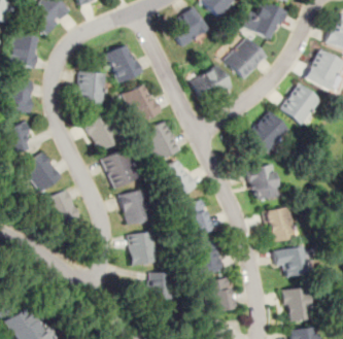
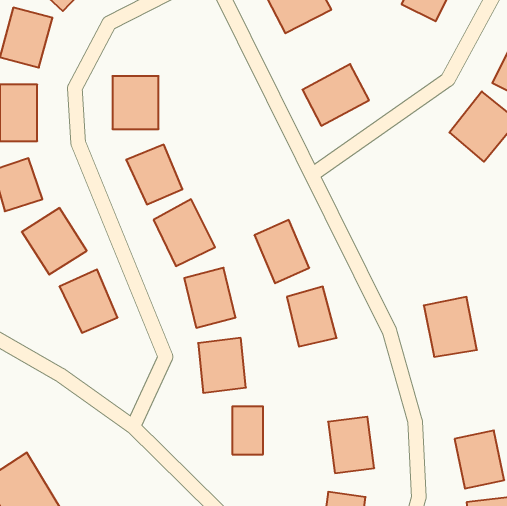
building: [226,38,267,79] -> none
building: [107,43,143,83] -> none
building: [124,84,161,125] -> none
building: [247,111,290,152] -> none
building: [143,122,181,162] -> none
building: [249,165,280,200] -> none
building: [193,240,221,272] -> none
building: [274,246,308,275] -> none

